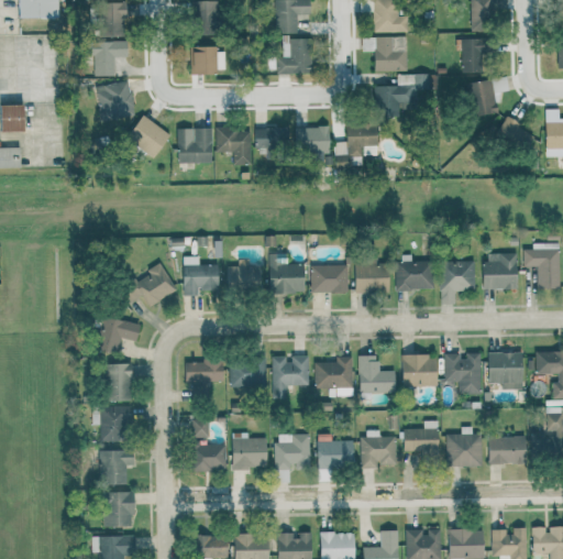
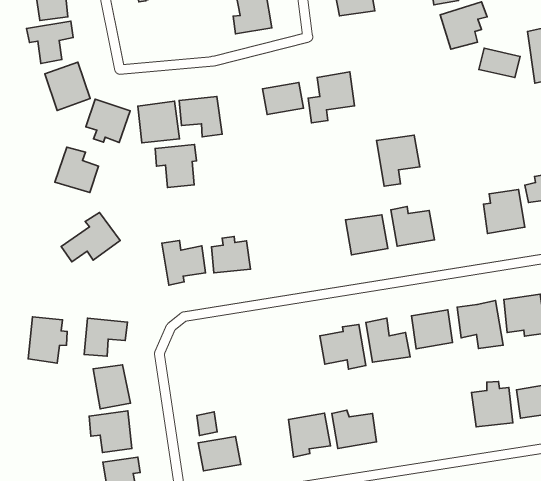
building: [191,46,218,74] -> none
building: [375,74,431,118] -> none
building: [256,127,288,155] -> none
building: none -> [55,147,99,193]
building: none -> [155,144,197,187]
building: [268,253,303,293] -> none
building: [440,261,476,304] -> [377,135,420,186]
building: [121,263,176,306] -> [61,212,120,262]
building: [311,264,349,292] -> none
building: none -> [28,317,67,363]
building: [273,355,310,398] -> none
building: [229,358,267,390] -> none
building: [185,361,222,403] -> none
building: [404,420,440,459] -> none
building: [232,432,267,469] -> none
building: [361,432,397,468] -> none

